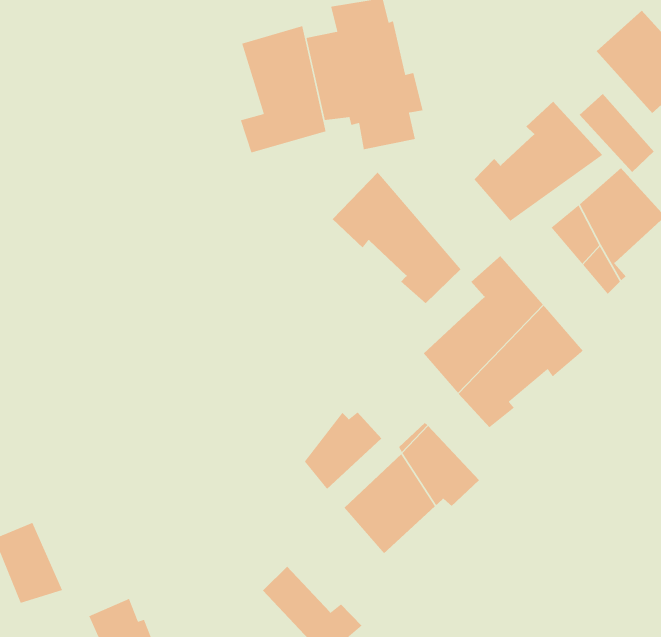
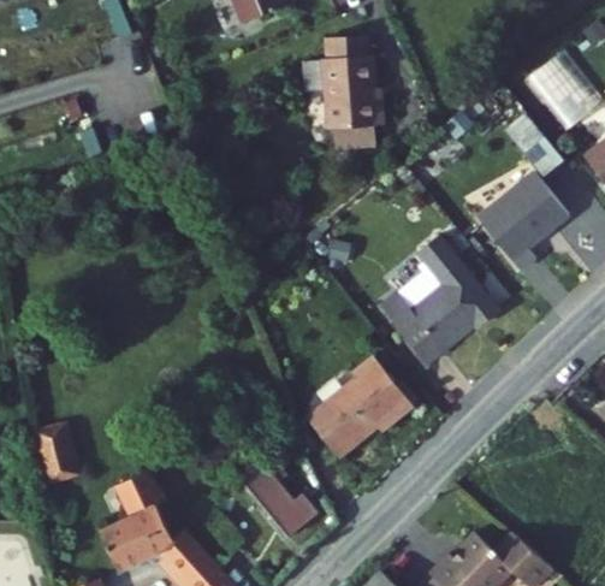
building: [240,25,326,153] -> none
building: [473,101,603,222] -> none
building: [332,172,461,304] -> none
building: [304,412,382,490] -> none

